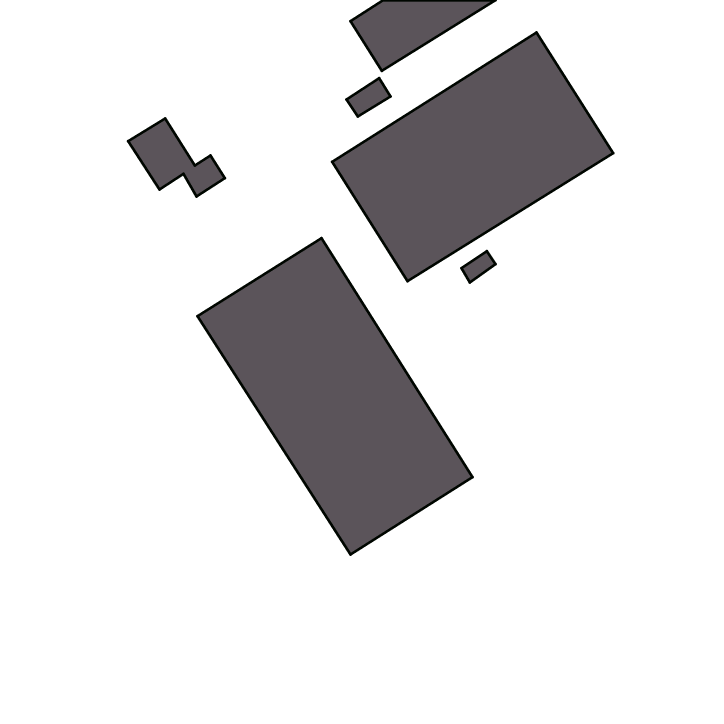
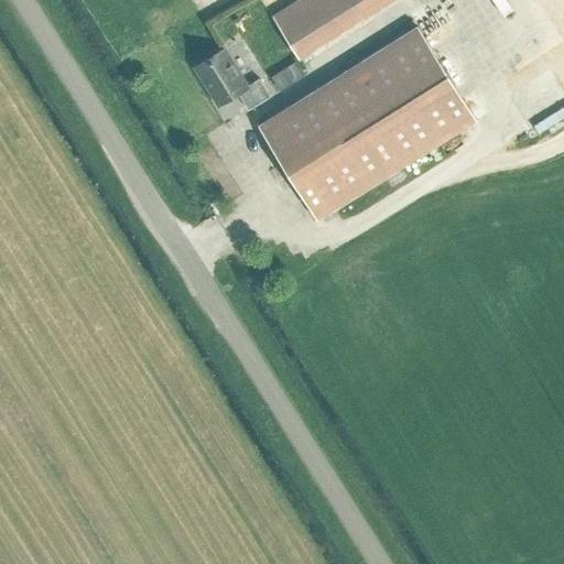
building: [128,118,225,197] -> [194,50,269,110]
building: [197,238,473,555] -> none

